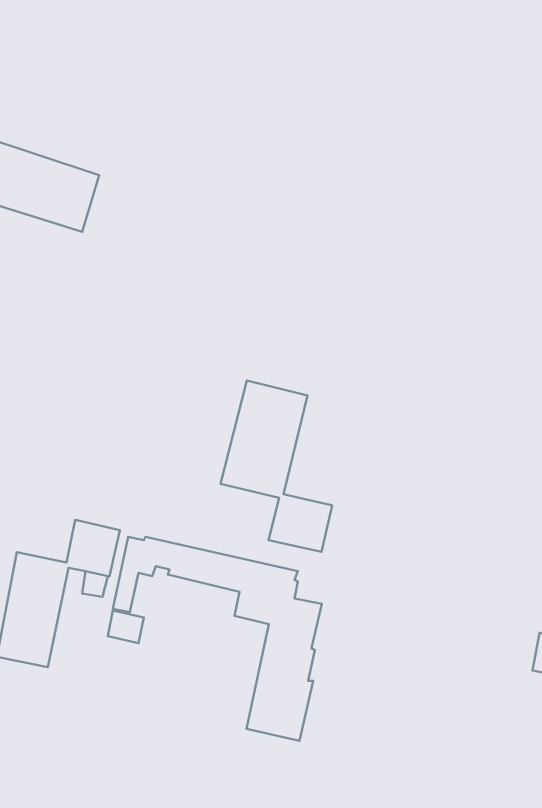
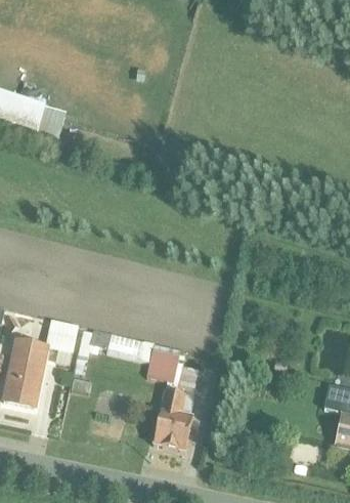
building: [221,381,332,552] -> none

